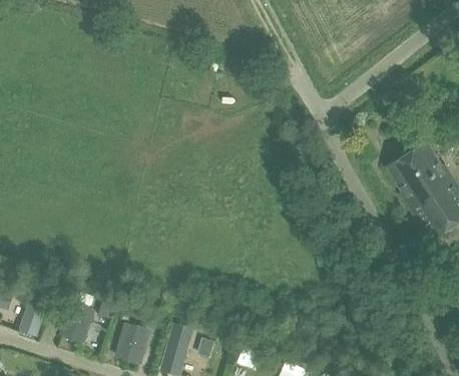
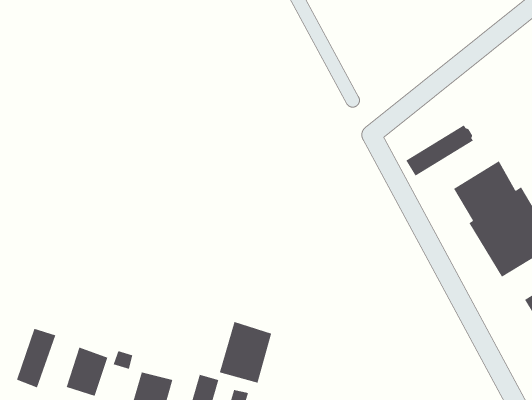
building: none -> [406,125,474,176]
building: none -> [219,321,272,384]

